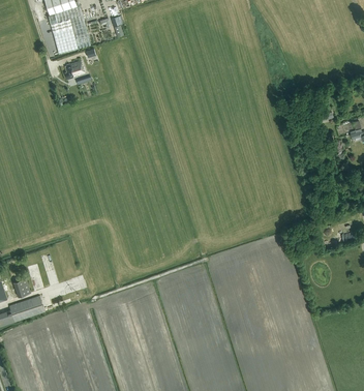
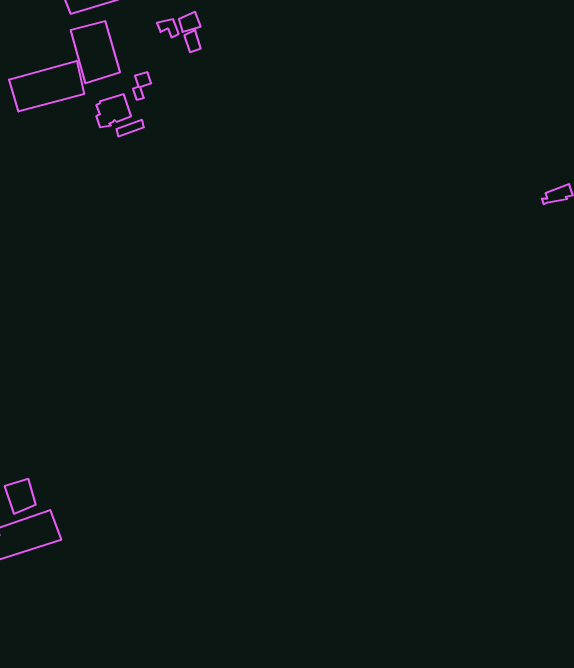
building: none -> [9,61,84,112]

